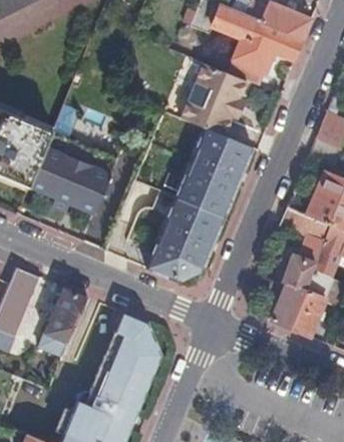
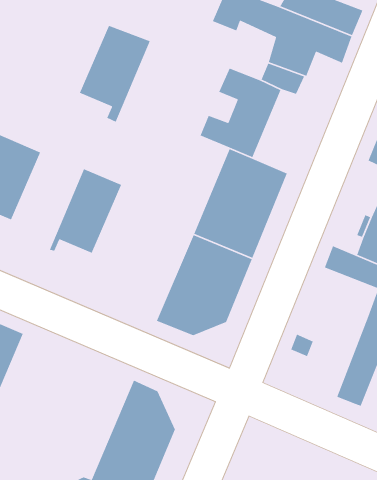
building: [28,131,86,210] -> [79,25,151,123]
building: [271,256,315,329] -> none
building: [44,288,86,343] -> none

